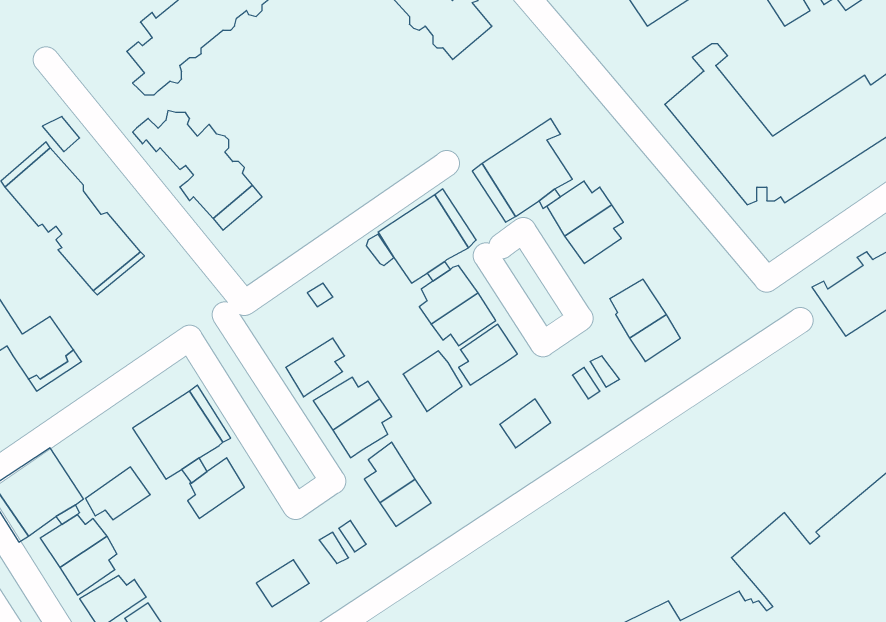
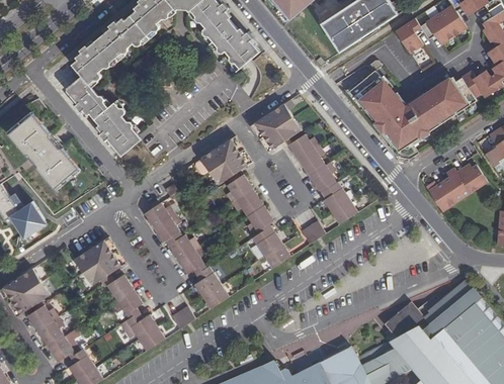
building: none -> [66,81,96,104]
building: none -> [308,160,338,191]
building: none -> [144,200,177,227]
building: [403,351,462,412] -> [251,225,281,257]
building: [85,467,150,520] -> [108,289,142,316]
building: none -> [119,311,157,339]

